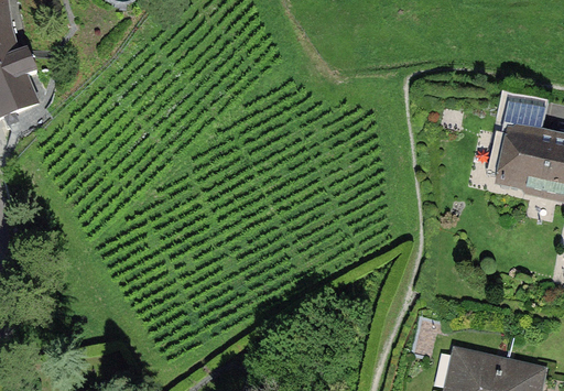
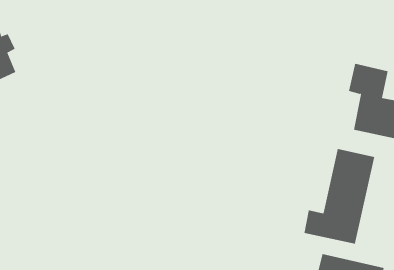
building: none -> [304,148,375,245]

